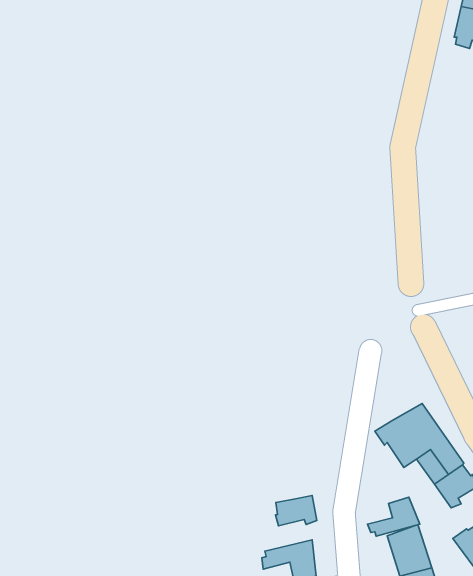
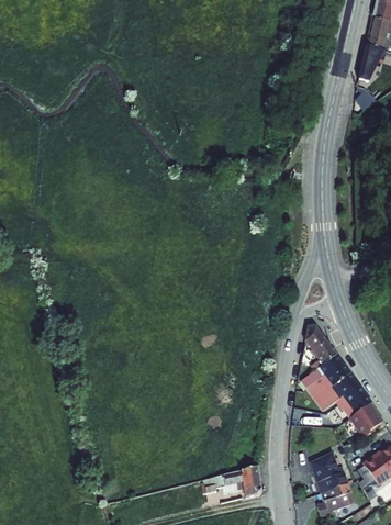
building: none -> [304,327,337,371]
building: [275,496,317,526] -> none
building: [368,497,420,536] -> none

